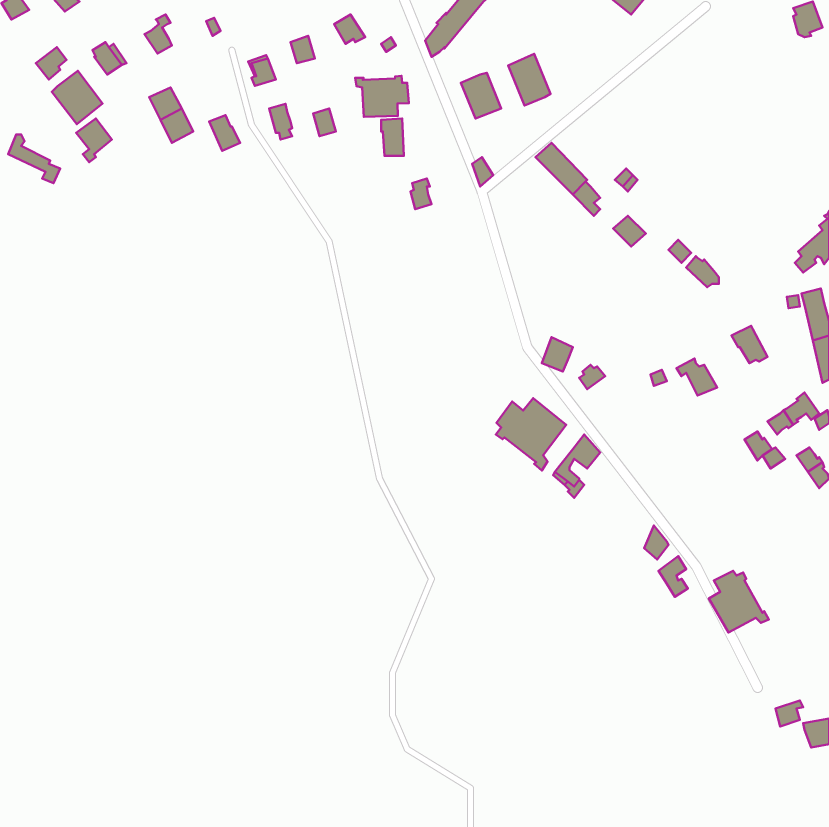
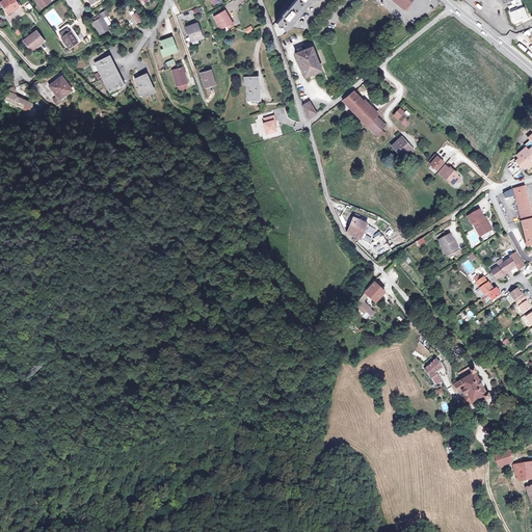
building: [508,54,551,105] -> none
building: [52,71,103,124] -> none
building: [355,76,409,117] -> none
building: [496,398,566,470] -> none

